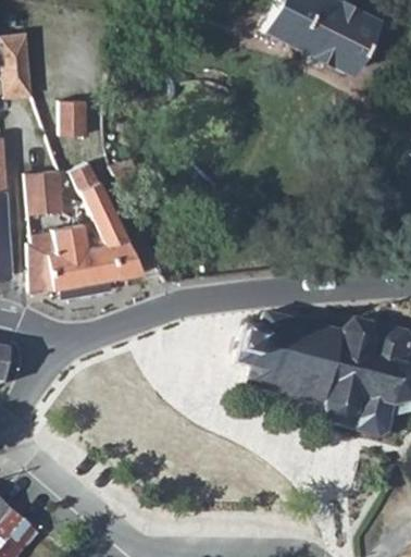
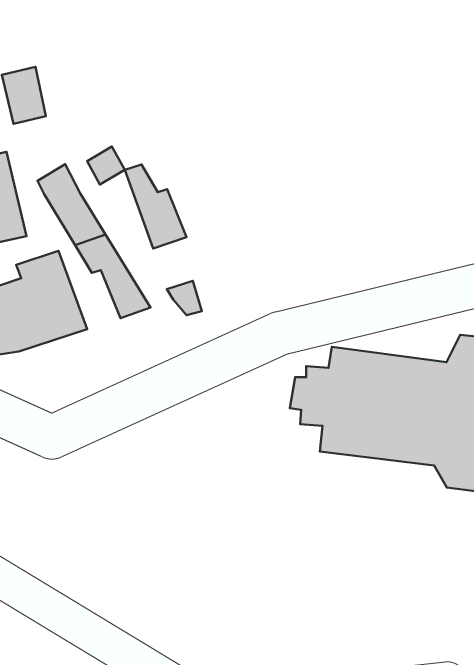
building: [84,221,120,280] -> [125,164,187,248]

